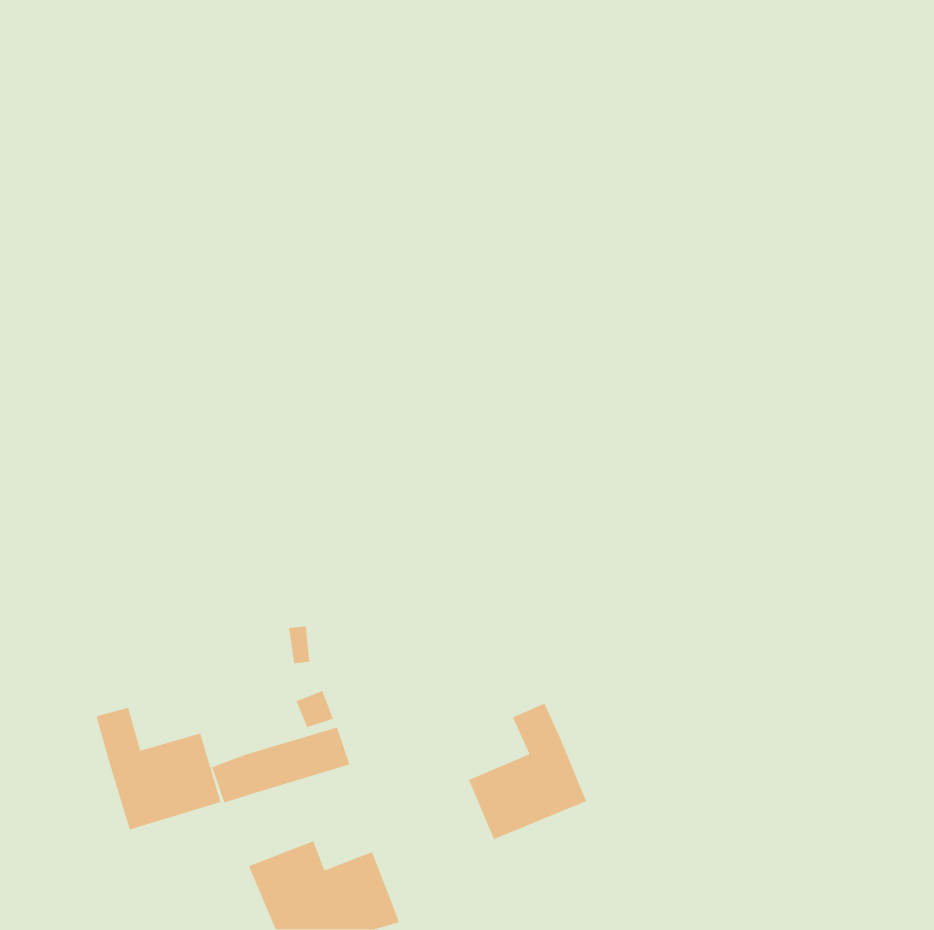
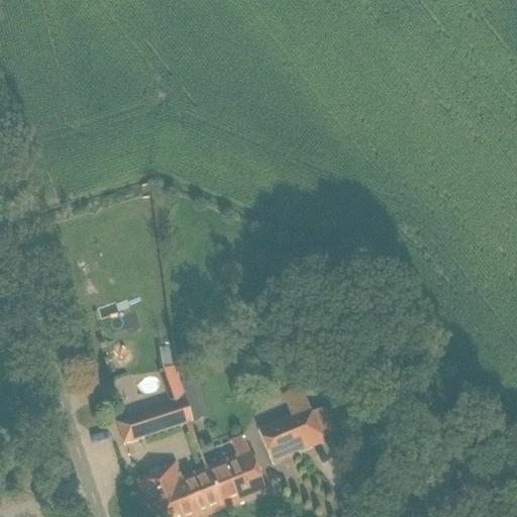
building: [96,707,222,830] -> none
building: none -> [207,434,268,508]

